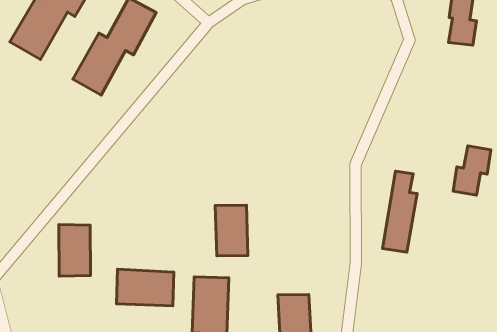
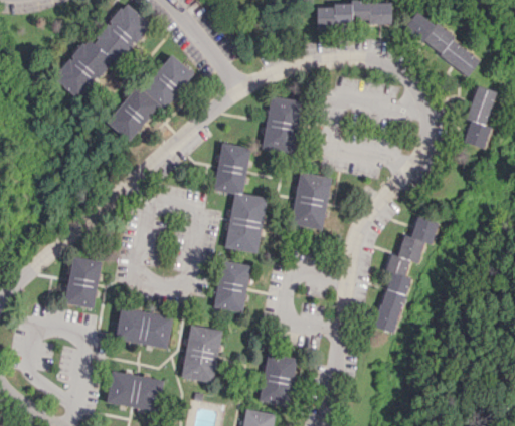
building: none -> [264,96,301,153]
building: none -> [214,143,267,253]
building: none -> [292,172,331,229]
building: [453,146,491,195] -> [397,216,439,263]

